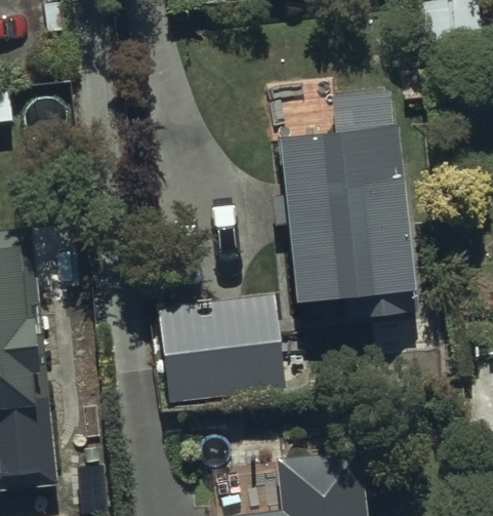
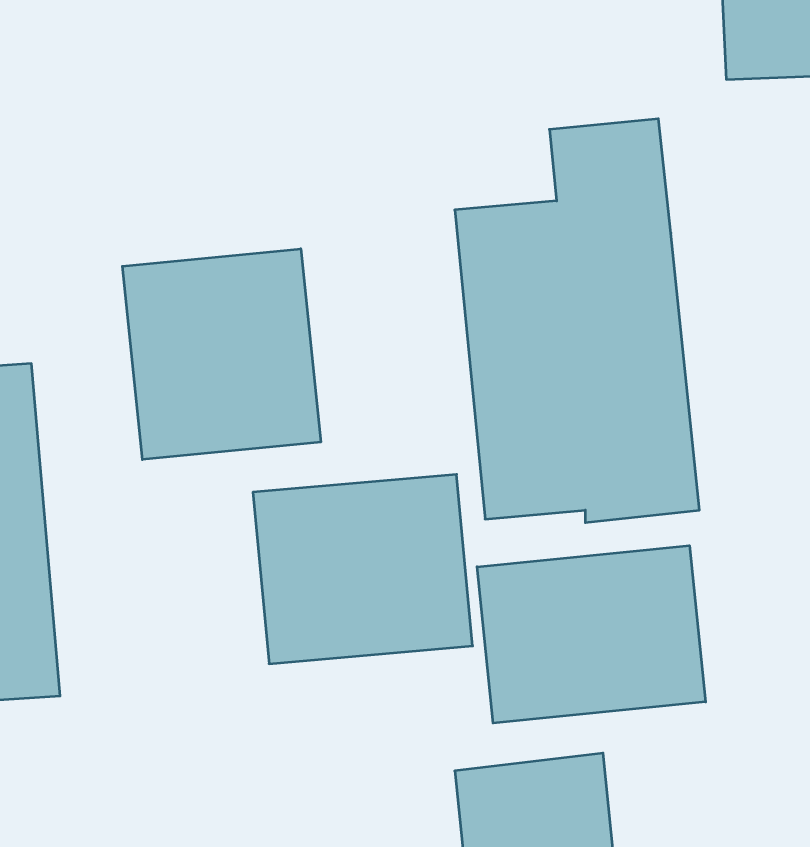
building: none -> [122,249,321,460]
building: none -> [477,546,706,723]

